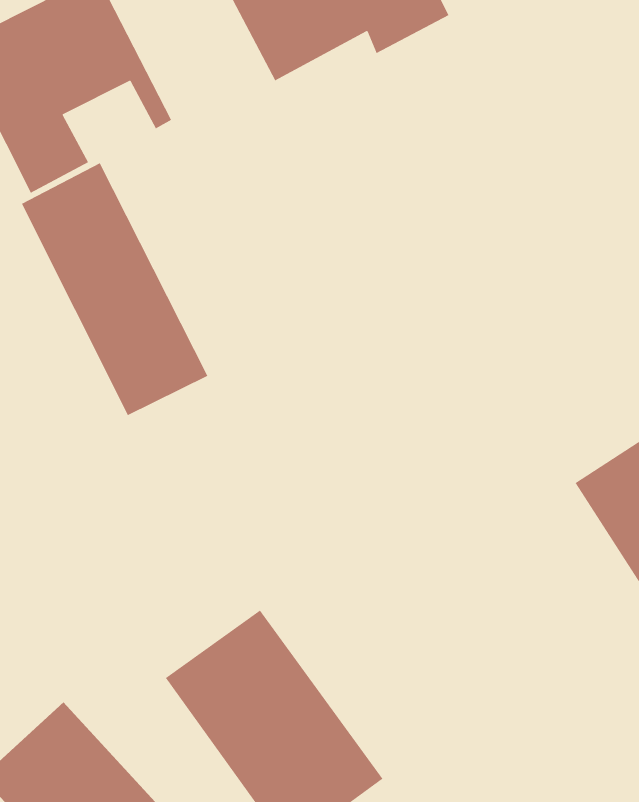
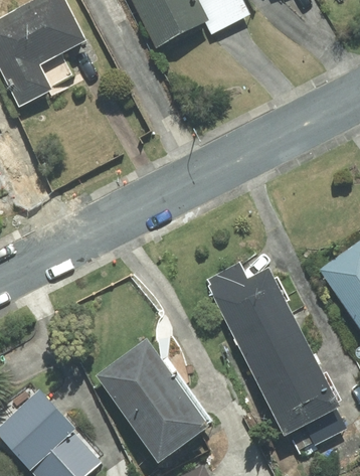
building: [21,162,209,416] -> none
building: none -> [206,260,342,437]

